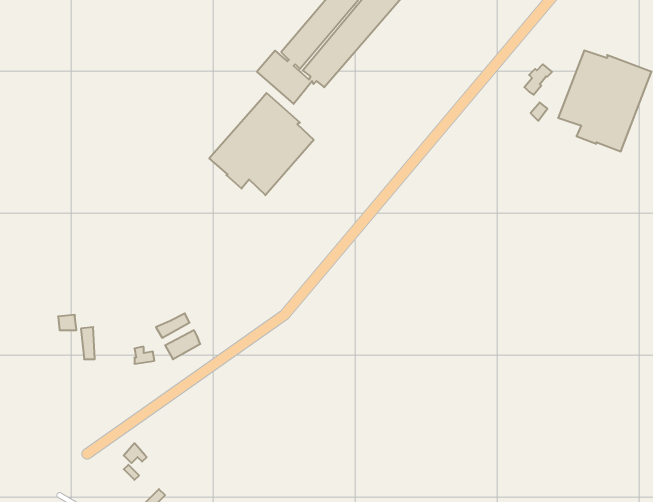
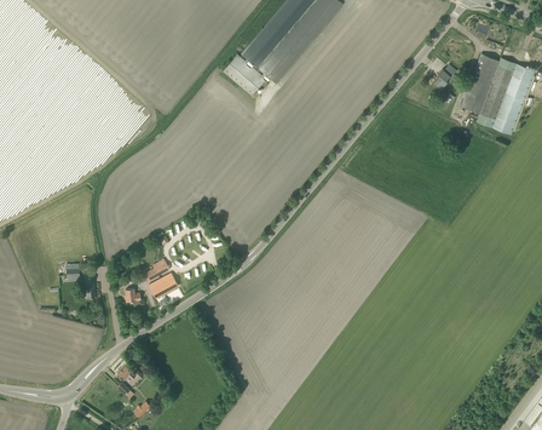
building: [209,93,314,195] -> none

